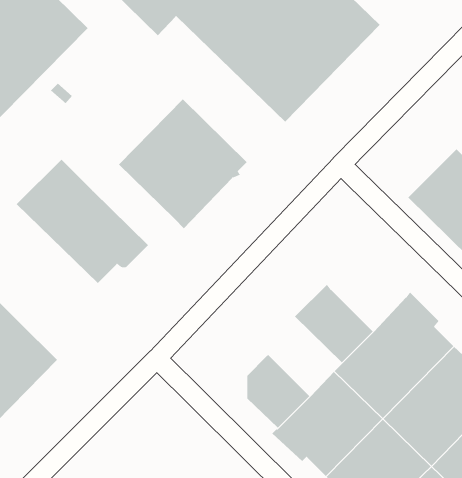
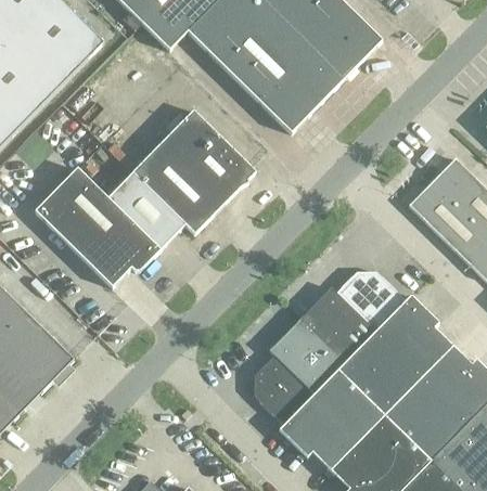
building: none -> [107,172,184,249]
building: none -> [335,271,406,332]
building: none -> [269,318,345,393]

